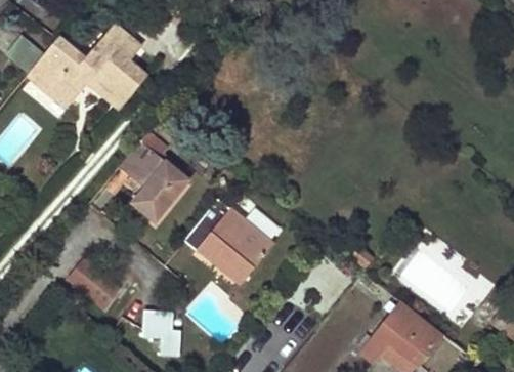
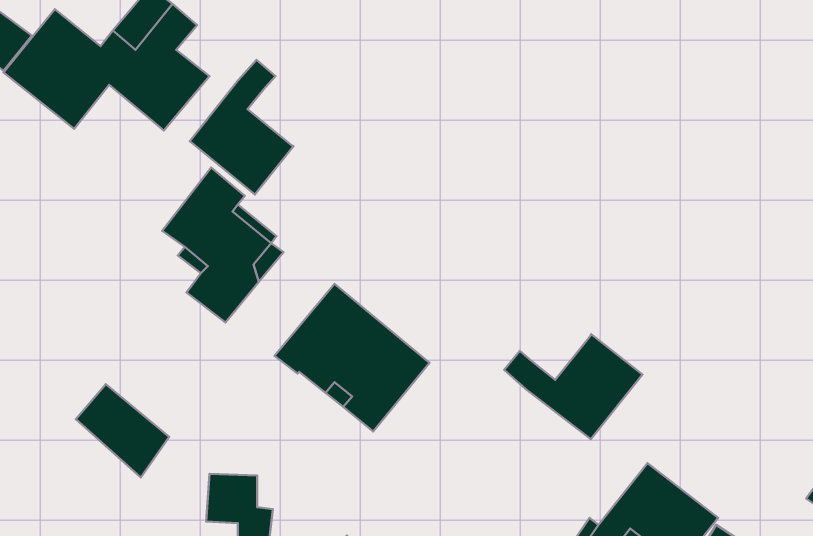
building: none -> [190,60,294,194]
building: none -> [504,334,642,439]

